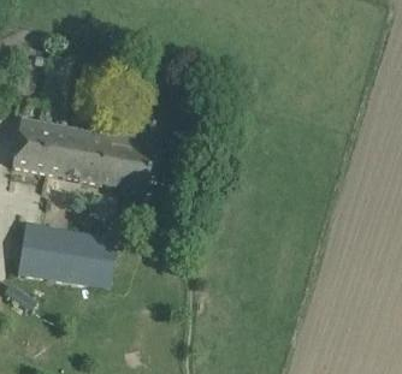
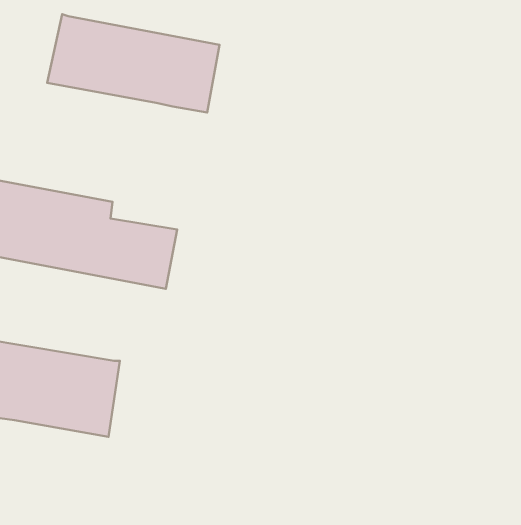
building: none -> [47,14,219,112]

